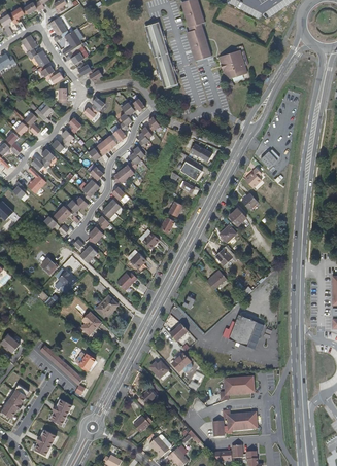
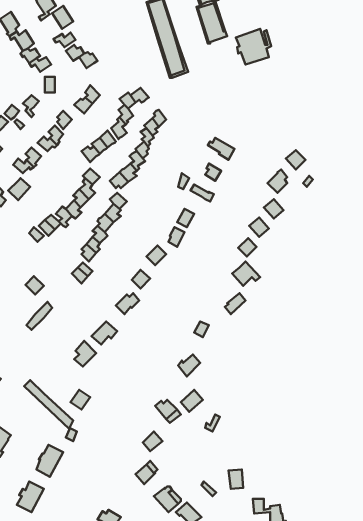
building: [223,314,261,347] -> none
building: [225,375,255,394] -> none
building: [227,411,258,430] -> none

